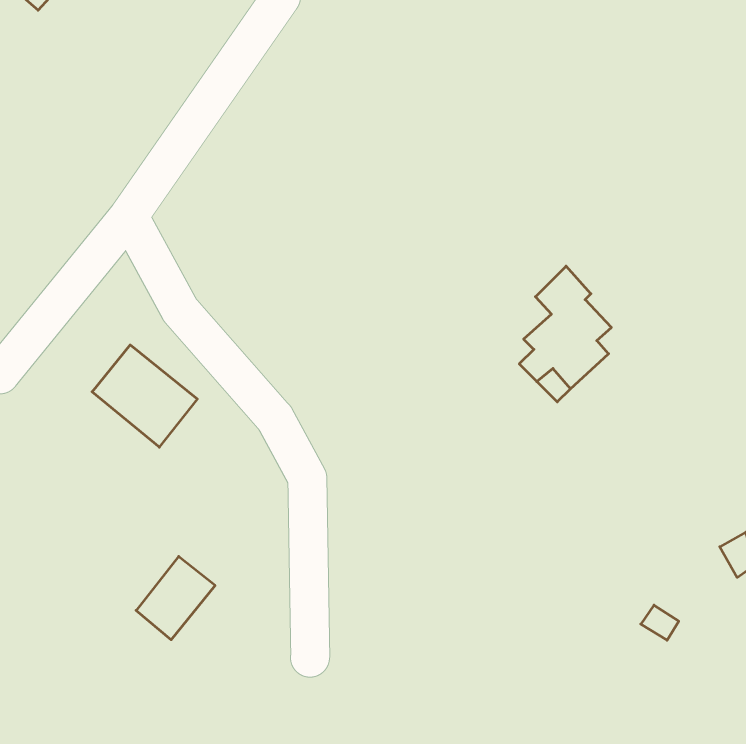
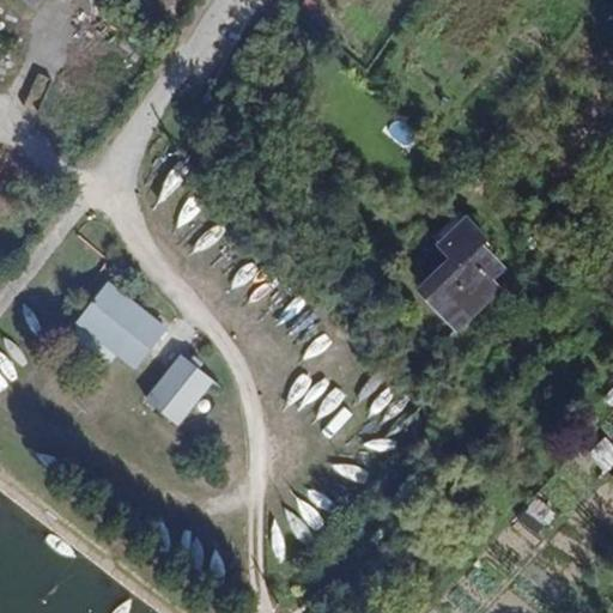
building: [136,556,215,640] -> [146,354,211,423]

